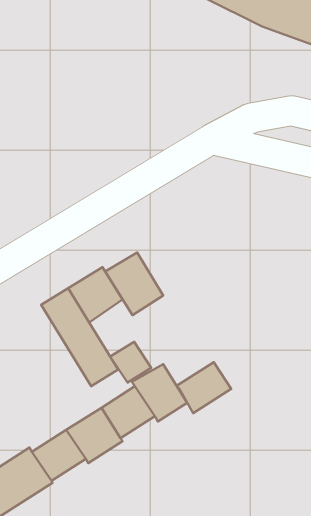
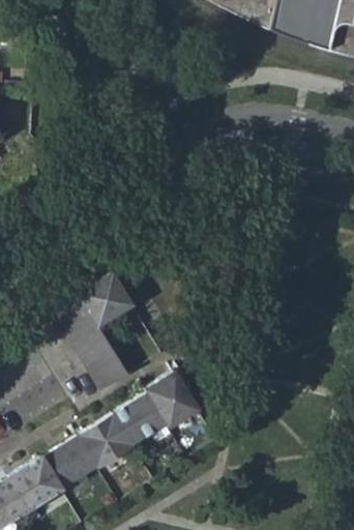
building: [105,252,163,315] -> none
building: [110,342,151,383] -> none
building: [177,362,231,413] -> none

